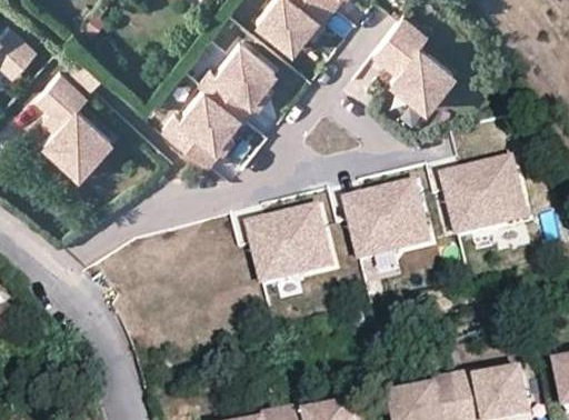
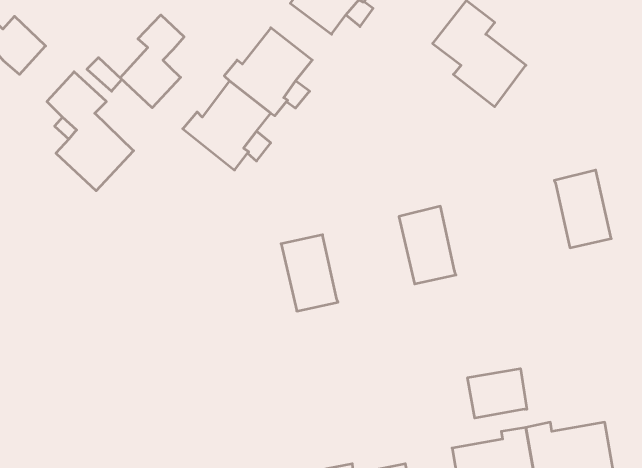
building: none -> [120,15,184,108]
building: [443,169,492,236] -> none
building: [379,179,428,244] -> none
building: [279,203,327,269] -> none
building: none -> [468,369,527,418]

